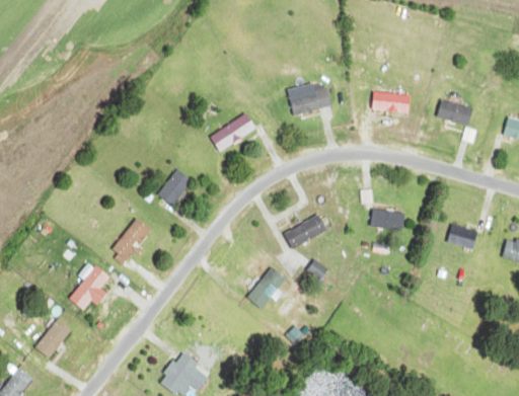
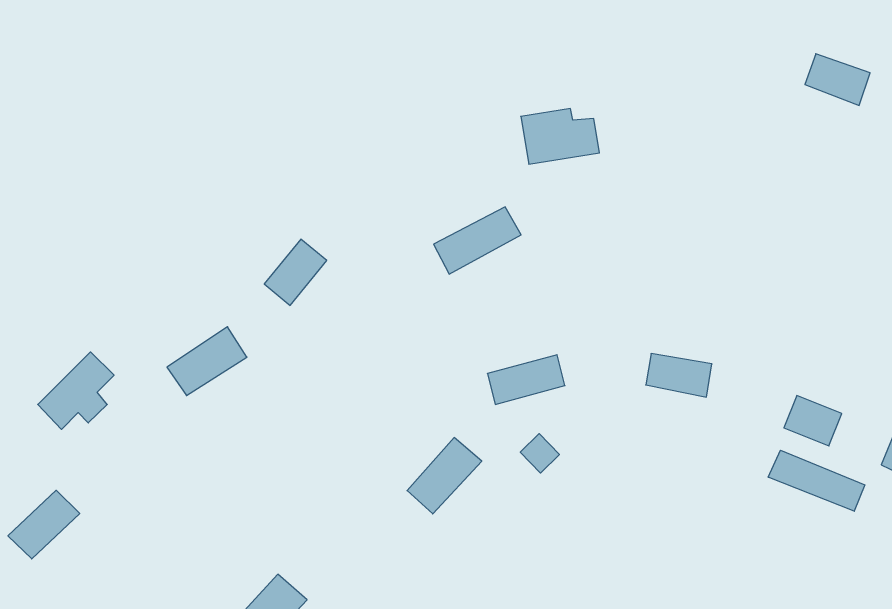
building: [372,91,411,111] -> none
building: [438,99,472,125] -> [805,54,870,105]
building: [211,112,257,152] -> [434,207,521,274]
building: none -> [768,450,865,511]
building: [70,265,109,309] -> [38,352,114,429]

